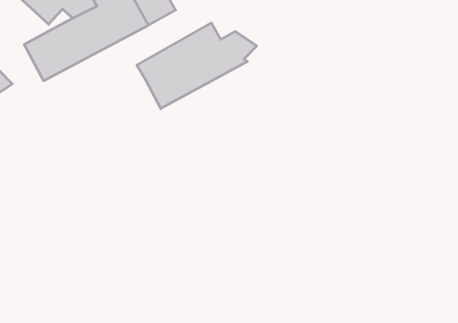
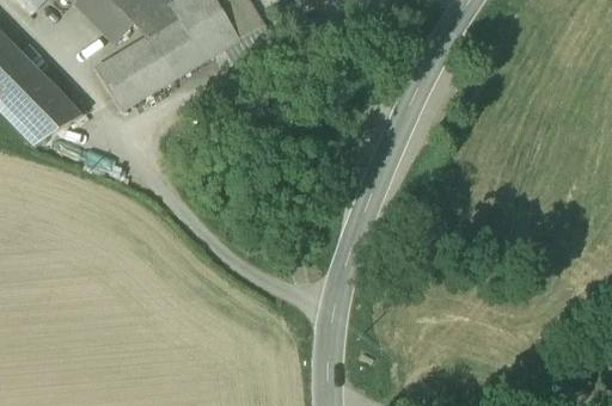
building: [137,23,257,109] -> none

